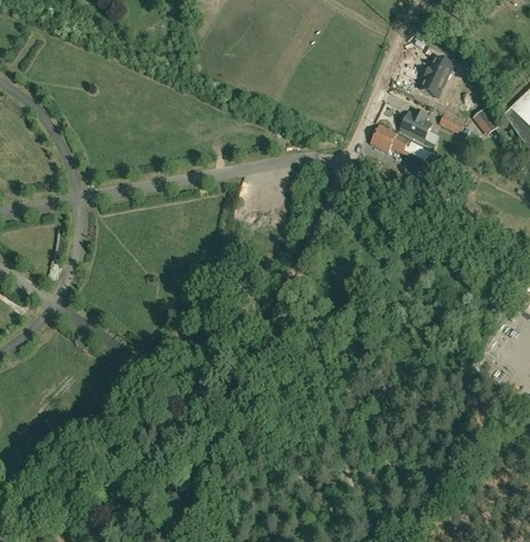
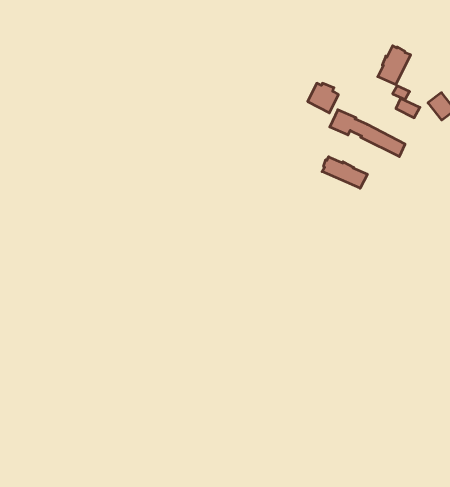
building: [400,108,432,139] -> [308,83,338,113]
building: none -> [322,157,367,188]

